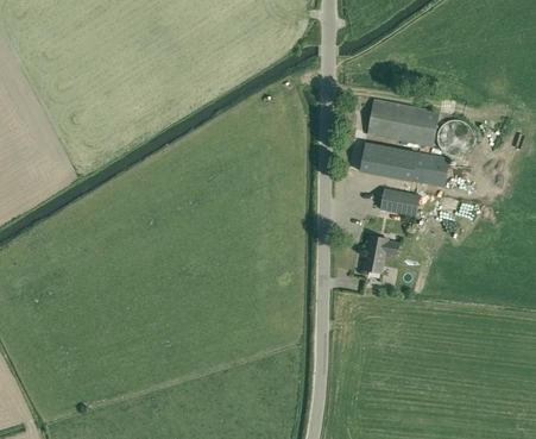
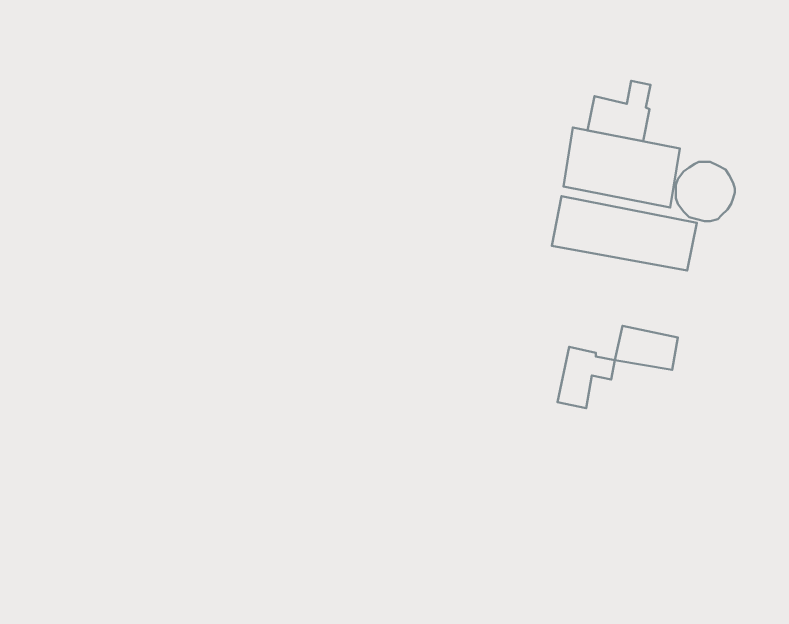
building: none -> [588,81,650,141]
building: [379,188,418,215] -> [615,326,678,370]

